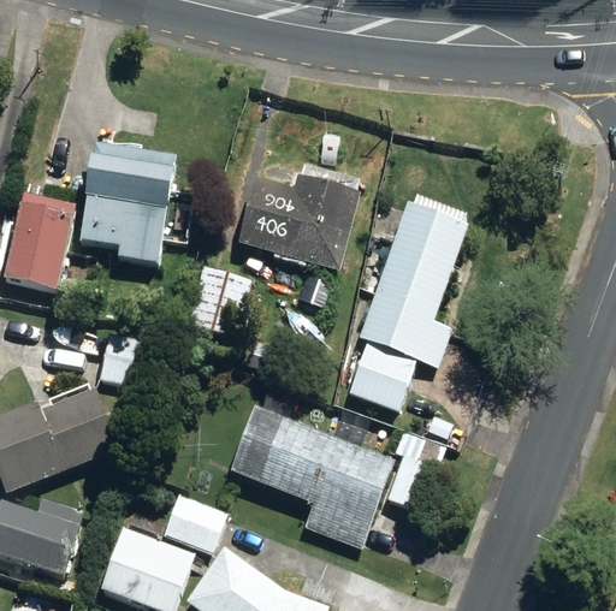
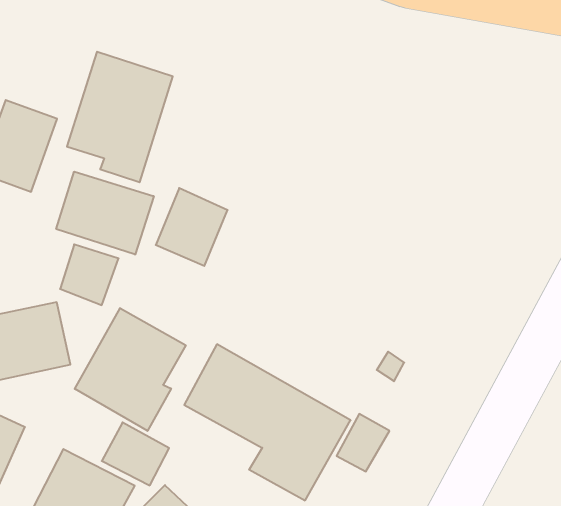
building: [238,178,360,269] -> none
building: [346,203,467,409] -> none
building: none -> [56,172,154,255]
building: none -> [75,308,186,431]

